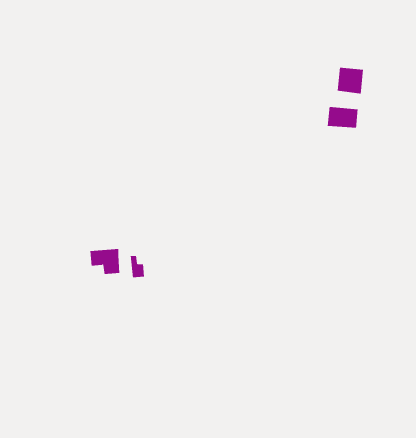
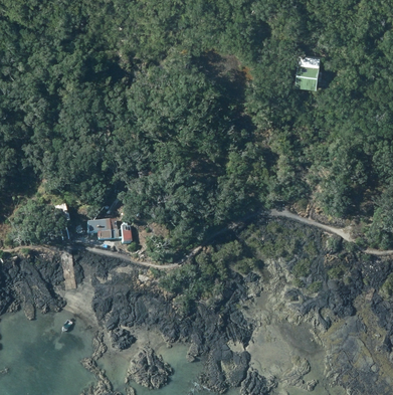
building: [327,106,358,128] -> none

